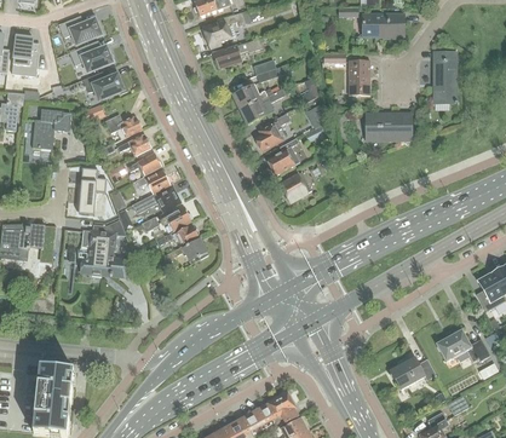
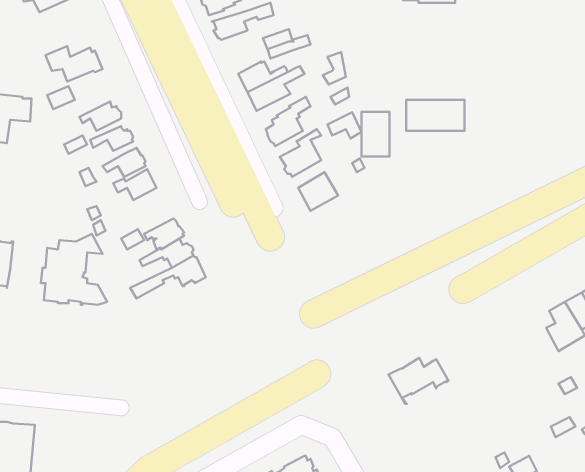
building: [70,45,113,71] -> none
building: [433,52,455,102] -> none
building: [347,59,369,94] -> [362,112,389,156]
building: [76,168,104,215] -> none
building: [131,188,178,213] -> none
building: [435,328,489,362] -> none
building: [389,356,436,392] -> [388,358,448,404]

